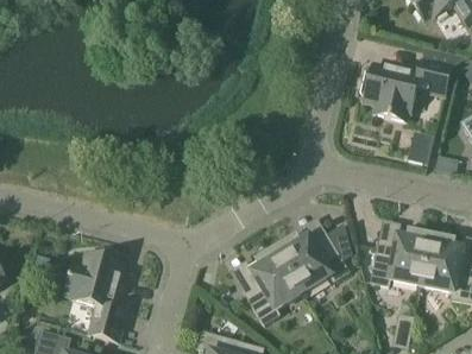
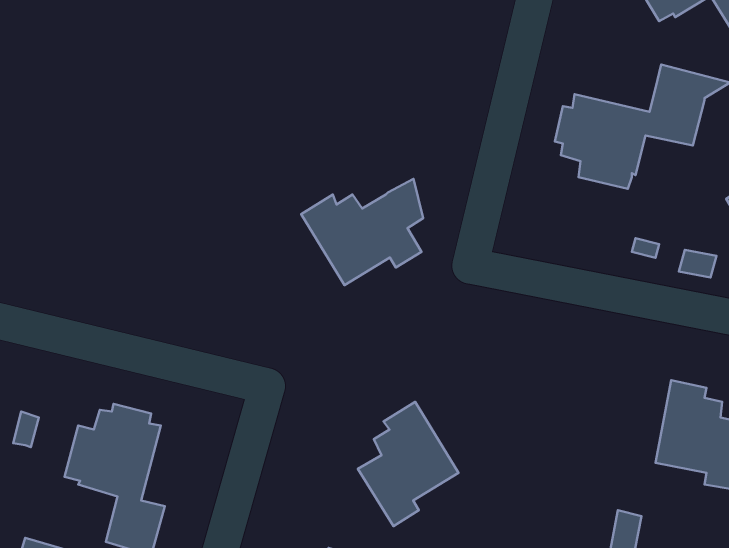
building: [276,227,350,291] -> [301,179,423,285]
building: [370,232,430,285] -> none

